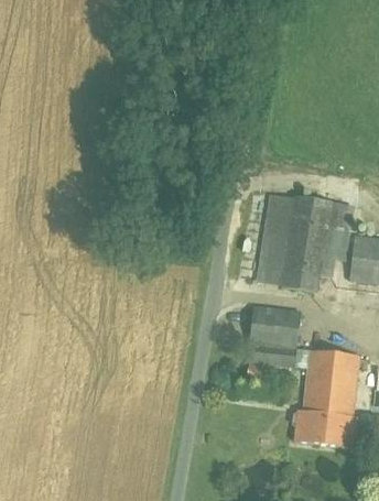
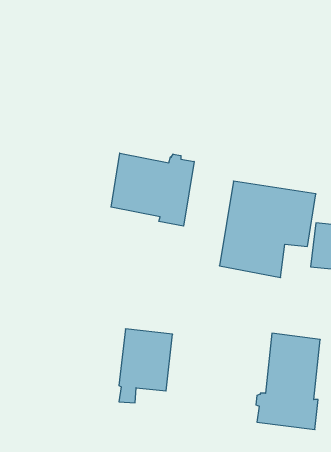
building: none -> [111,153,194,226]
building: [246,304,301,380] -> [119,329,173,403]

